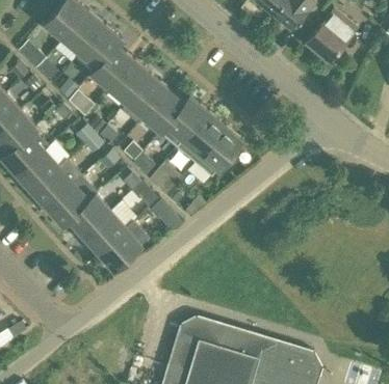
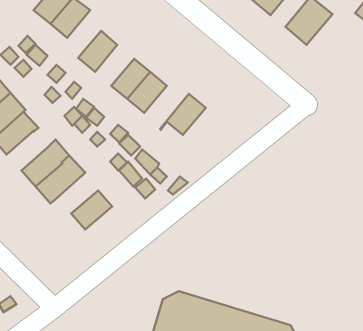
building: [79,24,121,67] -> none
building: [108,60,149,103] -> none
building: [158,95,206,147] -> none
building: [200,126,241,169] -> none
building: [16,149,58,191] -> none
building: [69,195,111,236] -> none
building: [98,228,141,269] -> none

